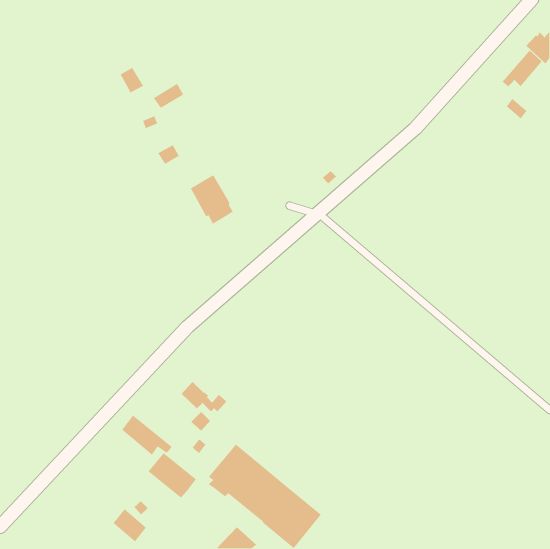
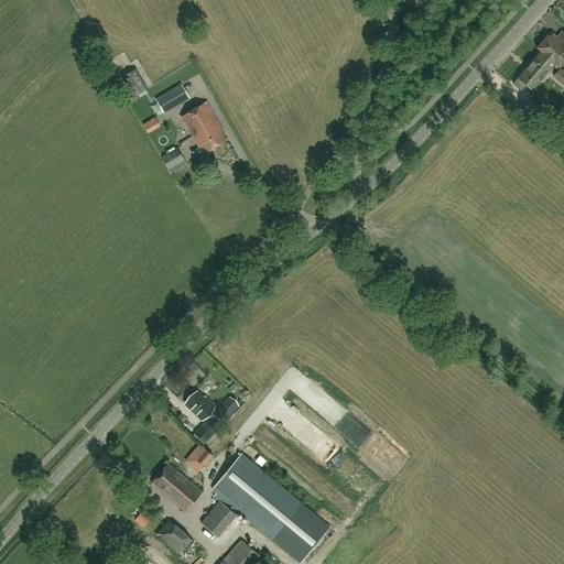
building: [190,174,234,225] -> [181,101,226,153]
building: [121,414,173,456] -> none
building: none -> [202,500,236,535]
building: [112,508,147,543] -> [156,519,192,554]

